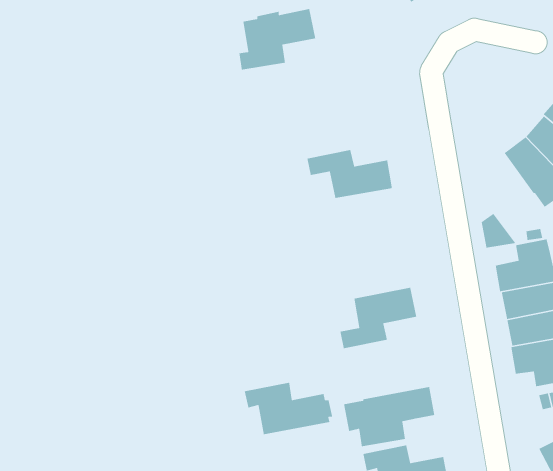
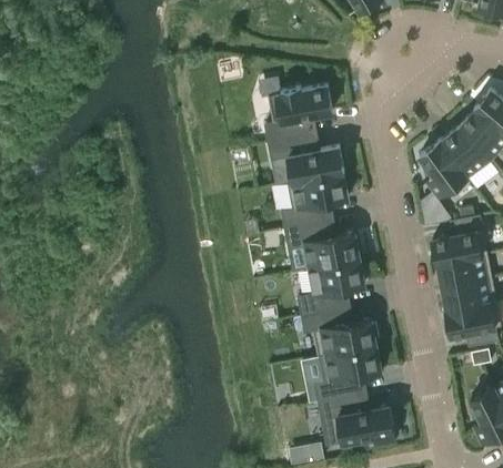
building: [239,8,316,71] -> [265,85,333,140]
building: none -> [420,140,466,197]
building: none -> [281,173,349,226]
building: none -> [285,223,360,268]
building: [244,382,333,435] -> [301,309,379,356]

